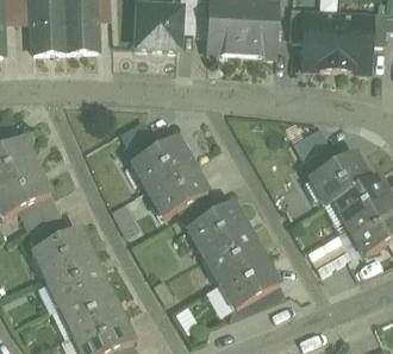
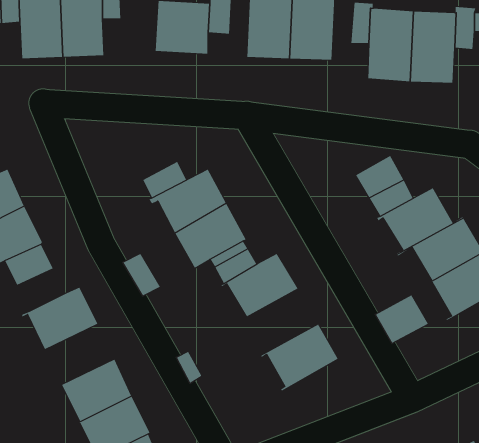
building: [30,215,68,248] -> none
building: [204,230,264,283] -> none
building: [51,258,106,305] -> none

